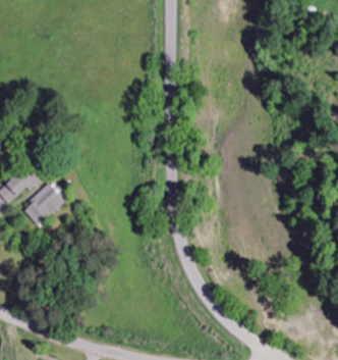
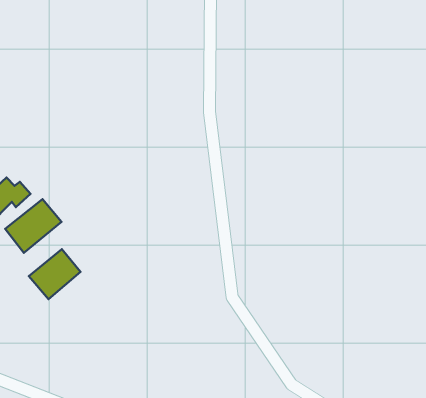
building: none -> [29,249,80,299]

